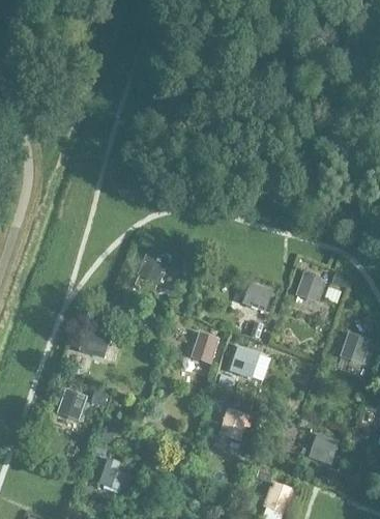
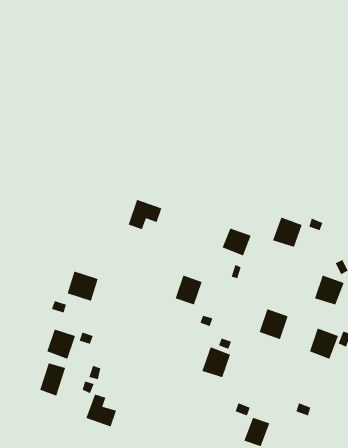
building: [229,345,260,378] -> [259,308,288,340]
building: none -> [39,362,66,396]
building: [308,432,339,465] -> [309,328,339,359]

